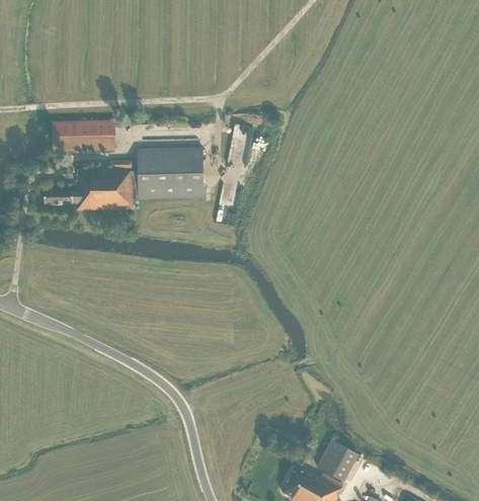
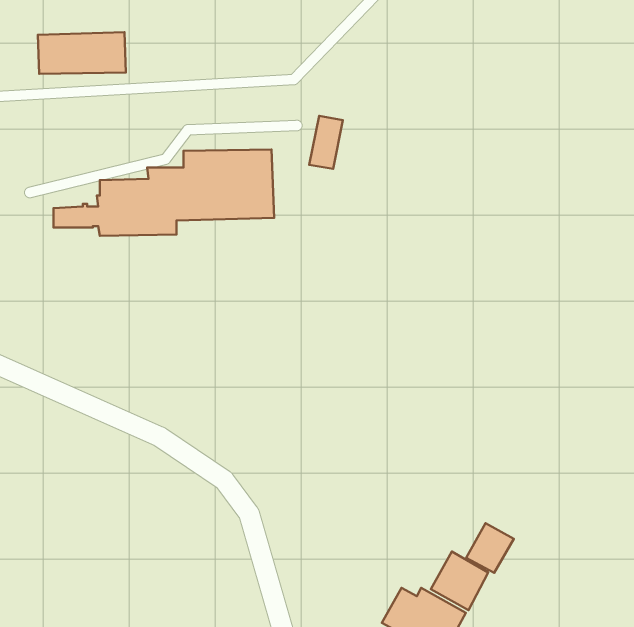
building: [53,120,116,151] -> [38,32,126,74]
building: none -> [466,523,514,573]

